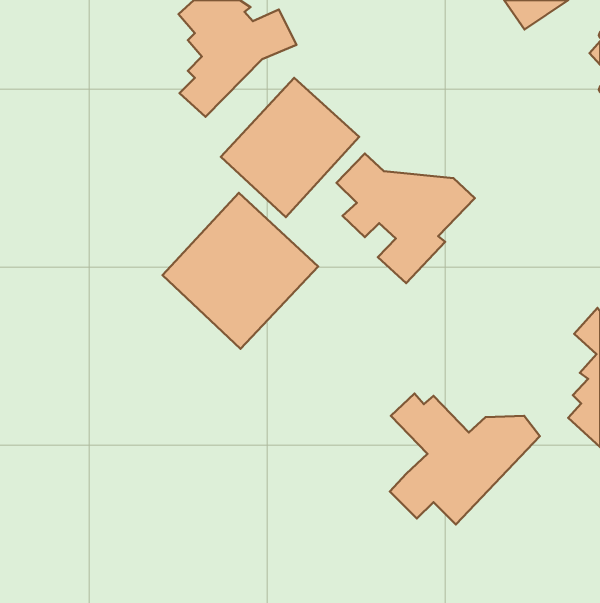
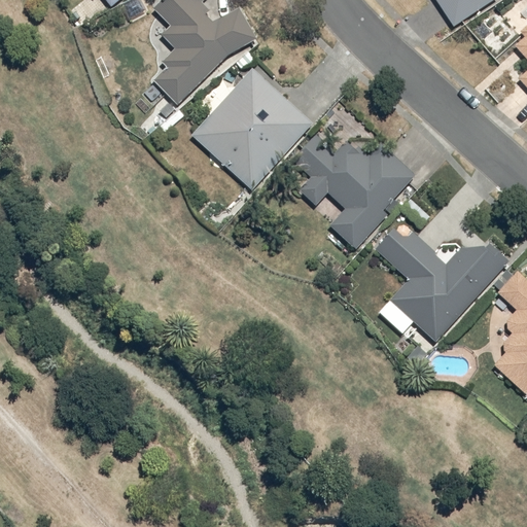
building: [162,193,318,349] -> none
building: [390,394,540,525] -> [378,226,508,341]

